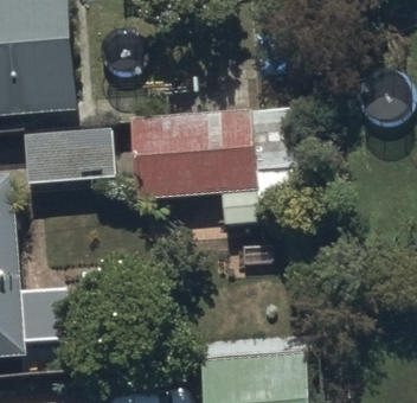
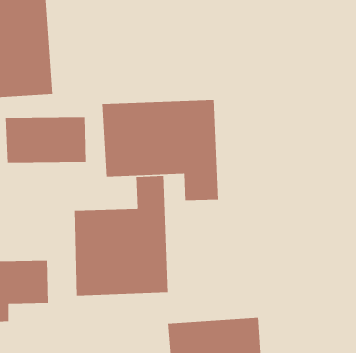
building: none -> [74,175,168,296]

